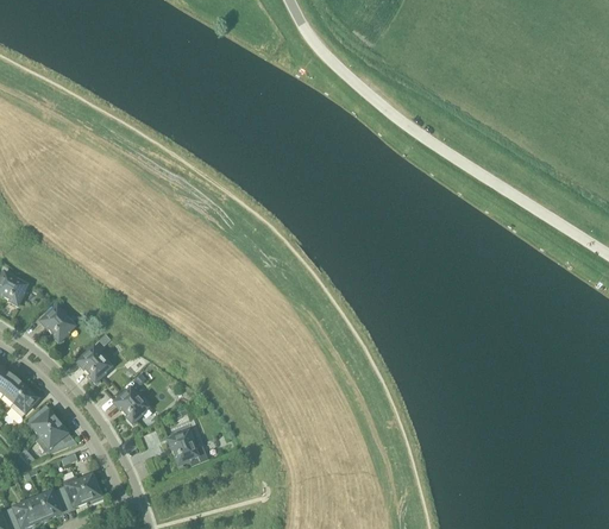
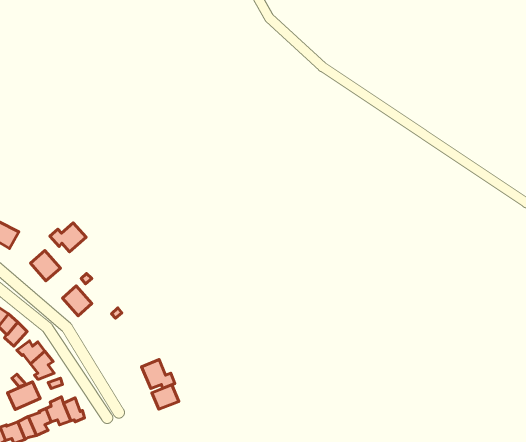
building: none -> [50,223,86,252]
building: [114,389,147,422] -> none
building: none -> [7,382,40,409]
building: none -> [152,385,179,409]

